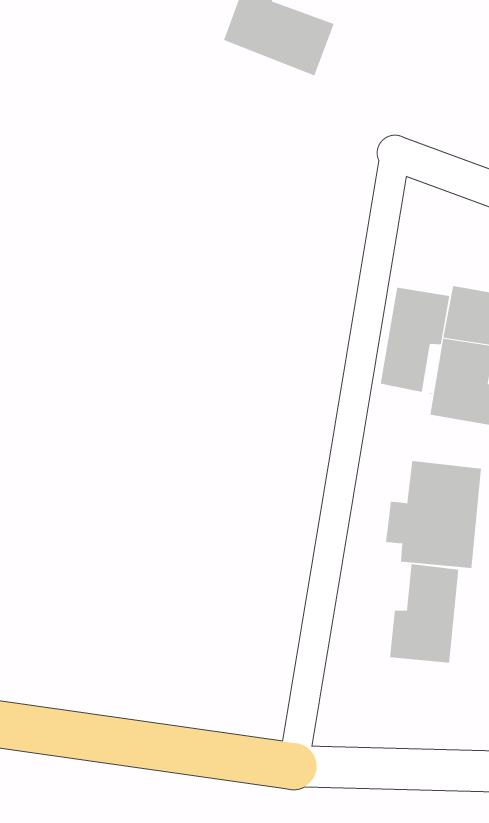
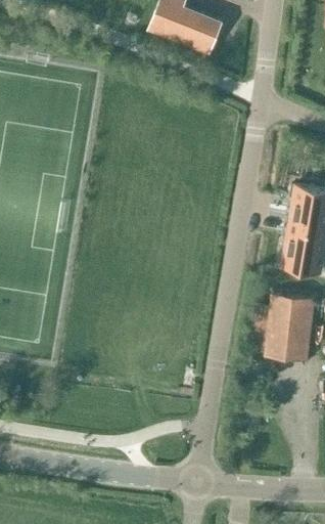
building: [380,287,450,395] -> none
building: [389,562,459,663] -> none

